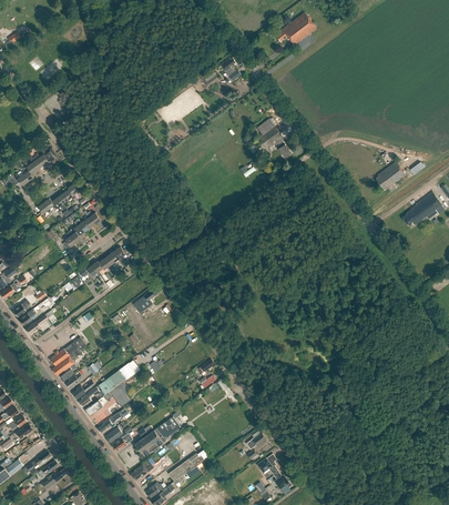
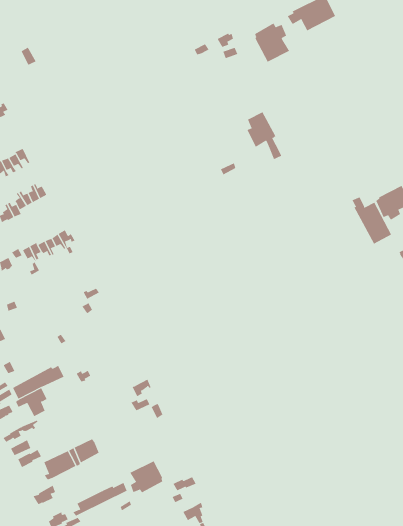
building: none -> [254,22,290,63]
building: none -> [352,196,392,245]
building: none -> [129,460,163,493]

